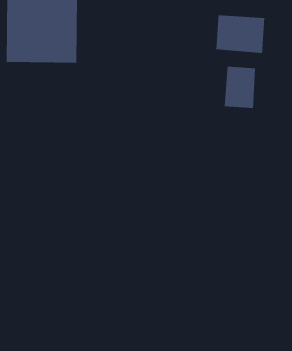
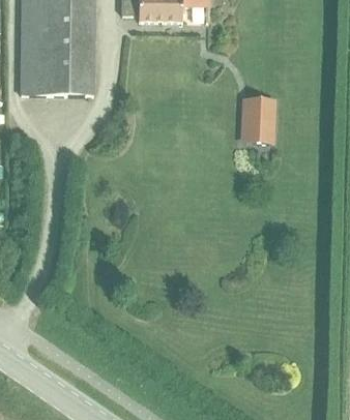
building: [216,15,265,54] -> none

